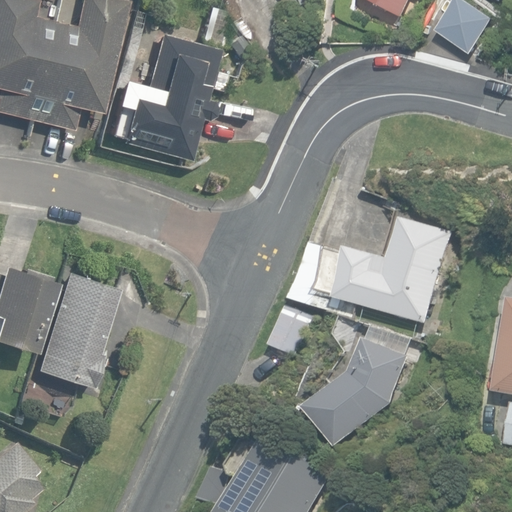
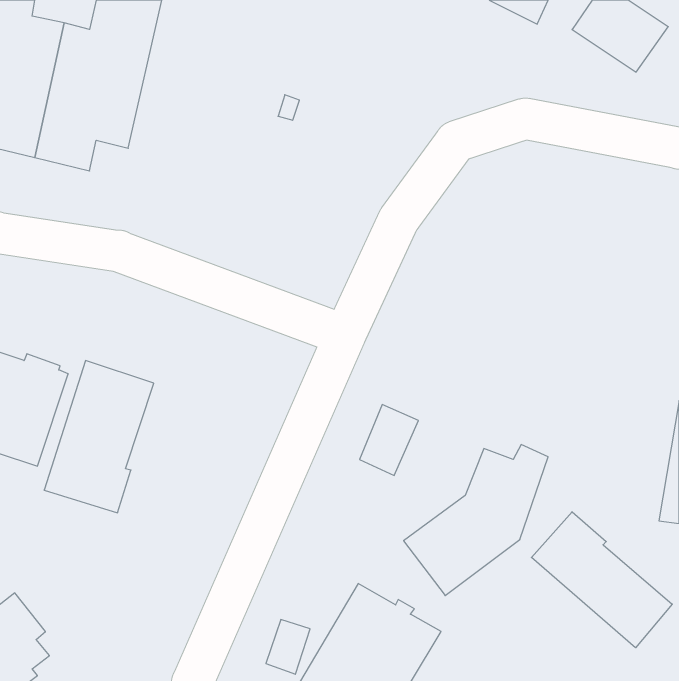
building: [107,33,216,160] -> none
building: [296,217,453,323] -> none
building: none -> [531,512,672,648]

